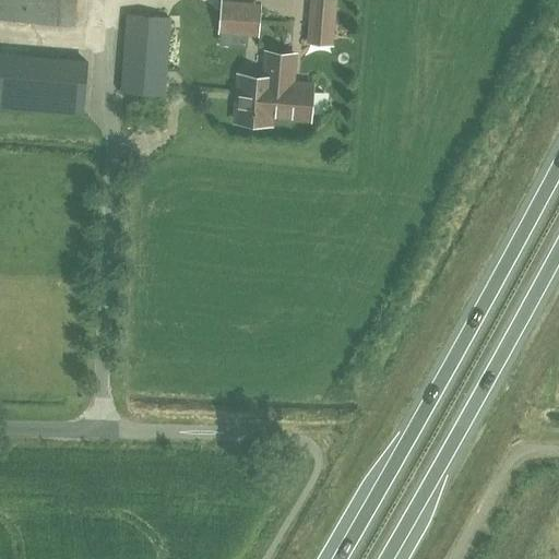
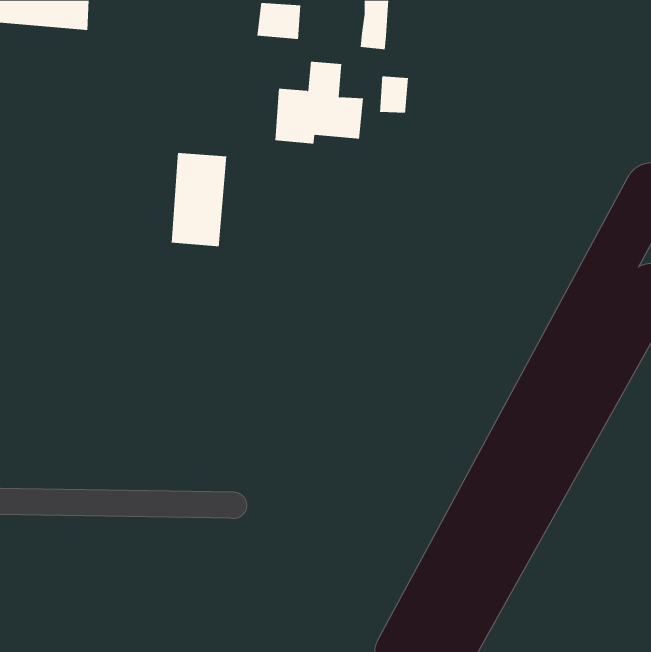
building: [121,15,169,96] -> [171,152,227,247]
building: none -> [379,75,409,113]

